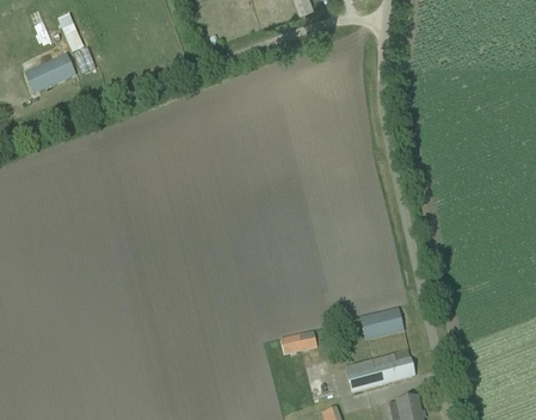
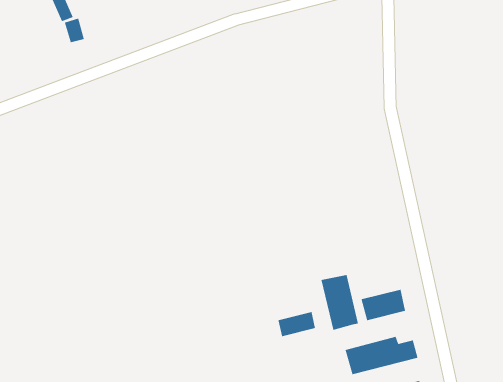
building: [25,54,75,93] -> none
building: none -> [320,274,359,331]

